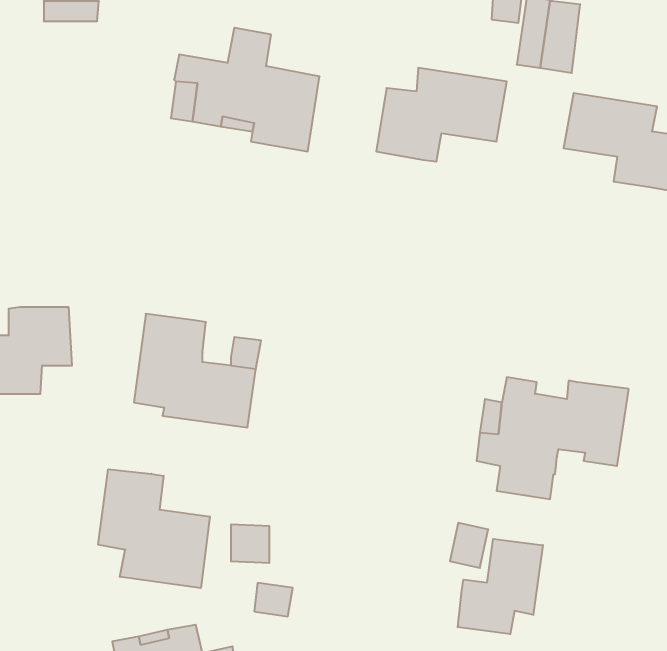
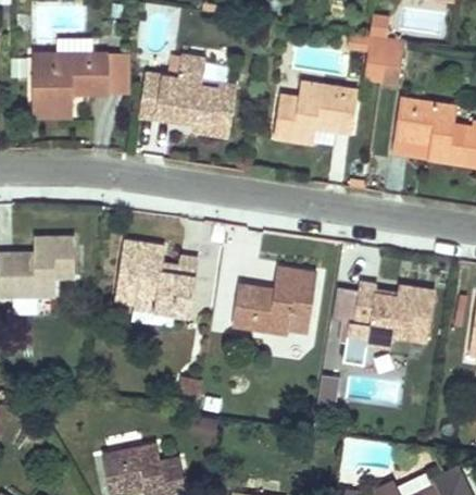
building: none -> [33,53,109,115]
building: none -> [231,267,316,334]
building: [98,469,210,588] -> none
building: [458,539,543,634] -> none

